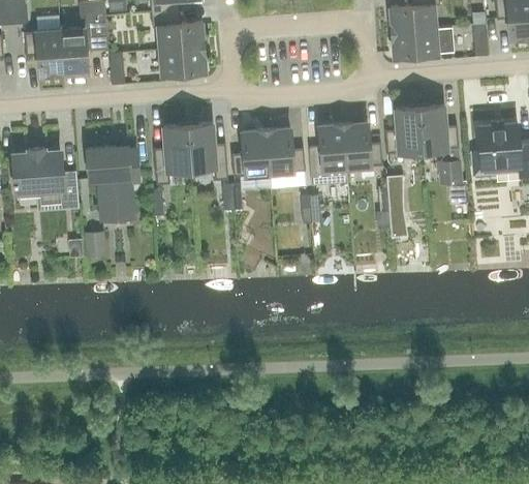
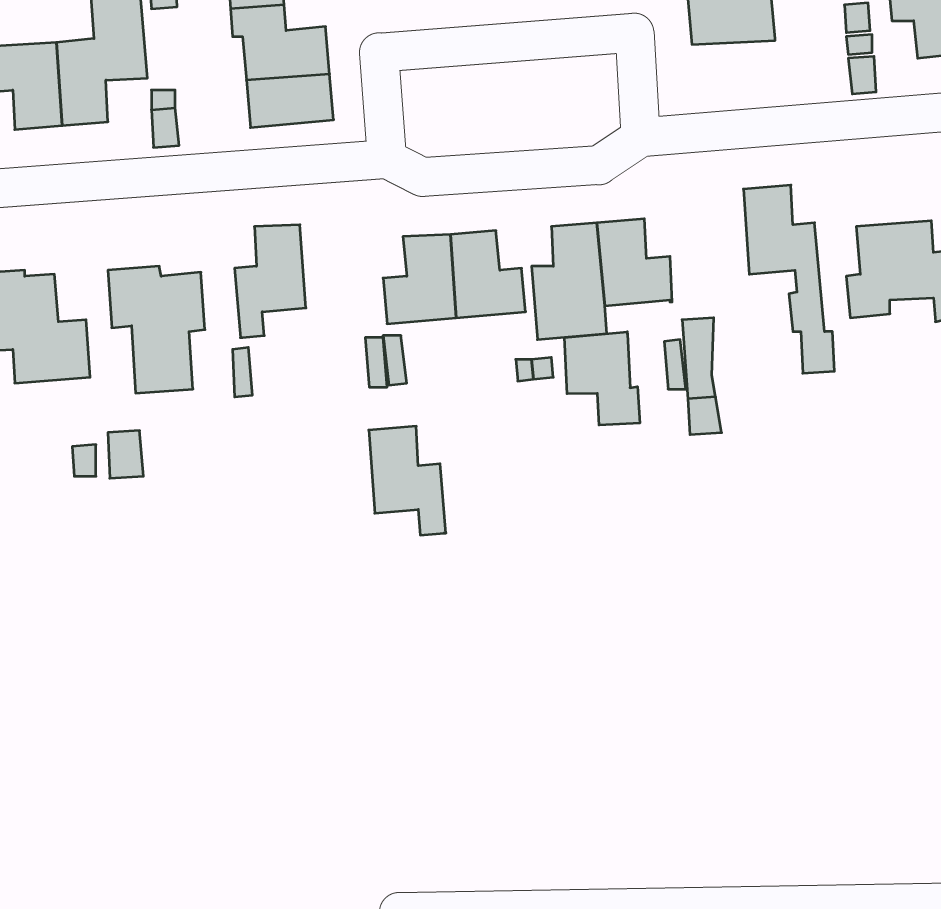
building: [393,27,455,56] -> none
building: [385,107,423,154] -> none
building: [188,123,228,180] -> [369,426,446,535]
building: none -> [564,332,640,425]

